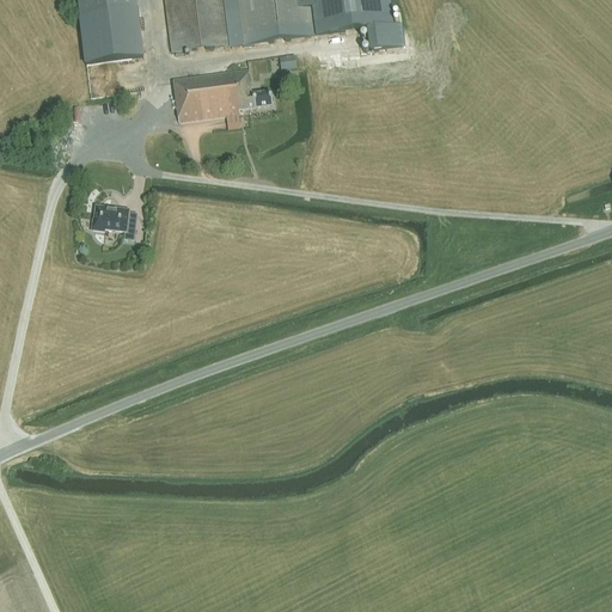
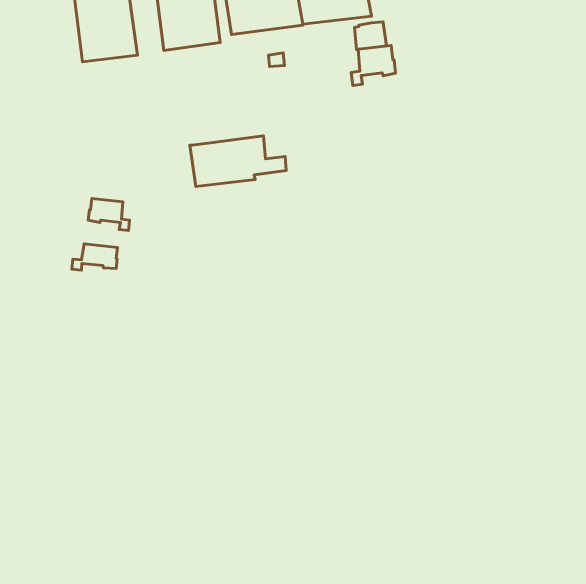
building: none -> [351,45,396,86]
building: [172,69,273,122] -> [190,136,286,186]
building: none -> [72,244,117,270]

